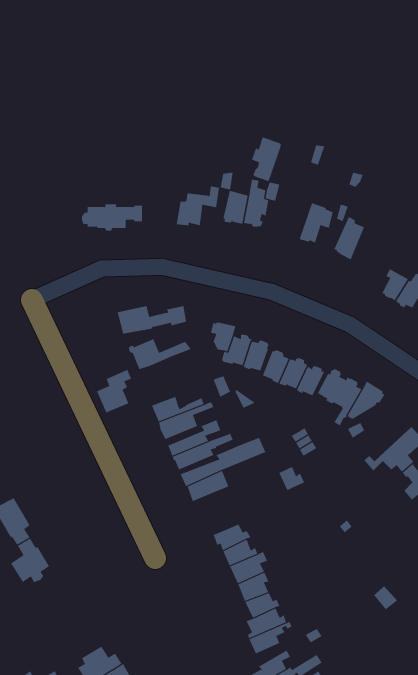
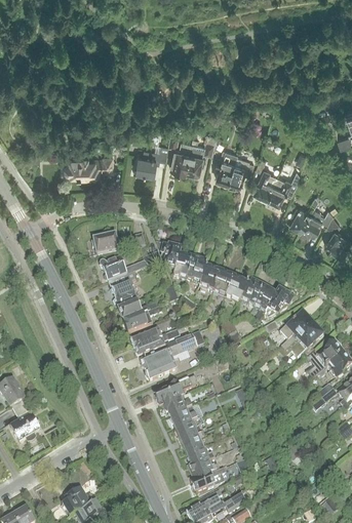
building: [251,137,281,182] -> [216,150,238,184]
building: none -> [268,170,301,204]
building: [96,369,132,413] -> [111,272,138,305]
building: none -> [281,313,313,350]
building: none -> [156,376,199,407]

